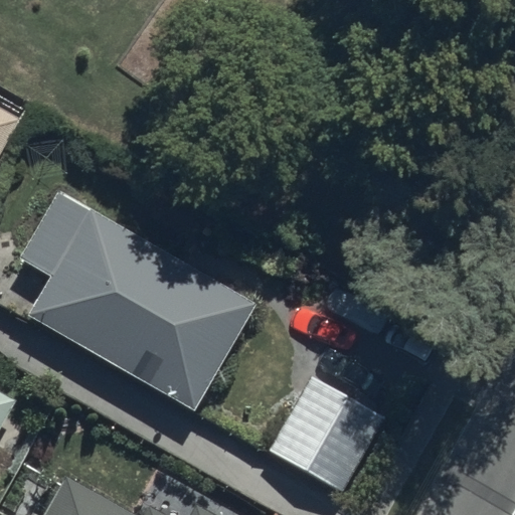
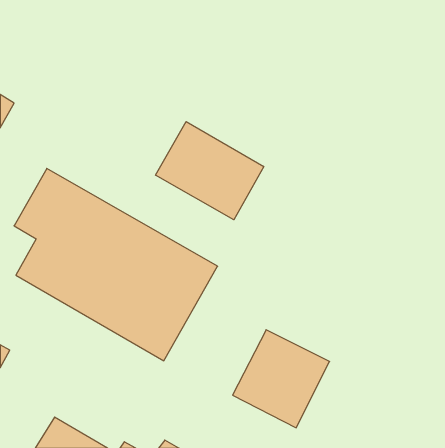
building: none -> [156,122,264,220]

